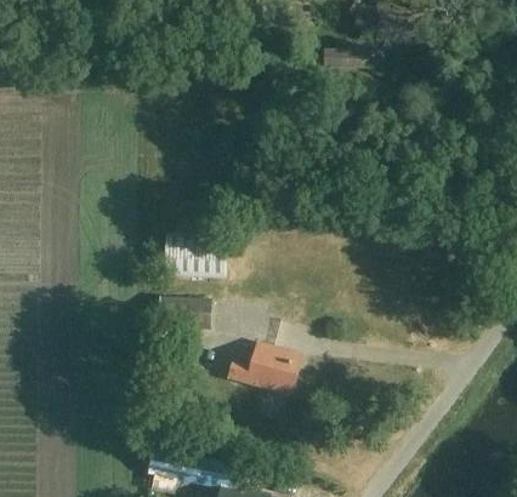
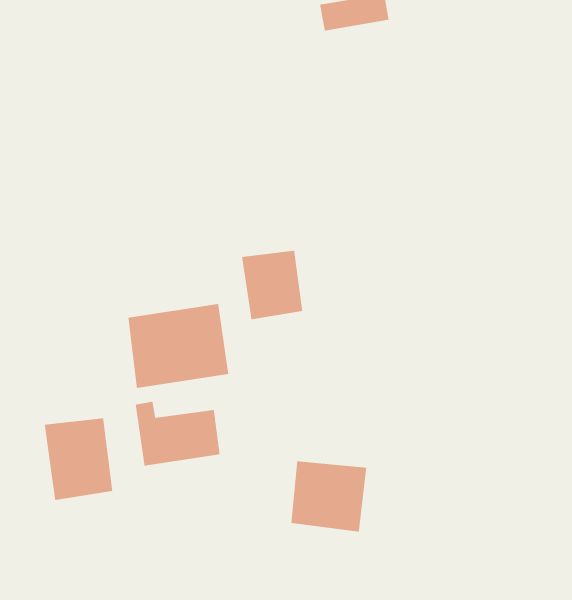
building: none -> [241,250,303,320]
building: none -> [44,418,113,501]

